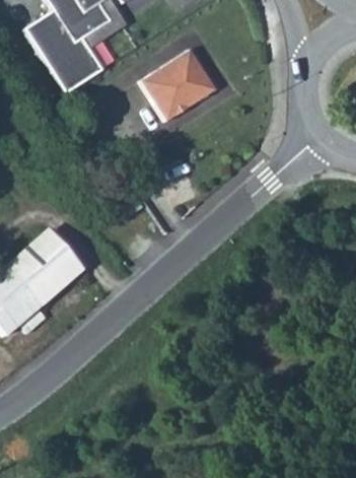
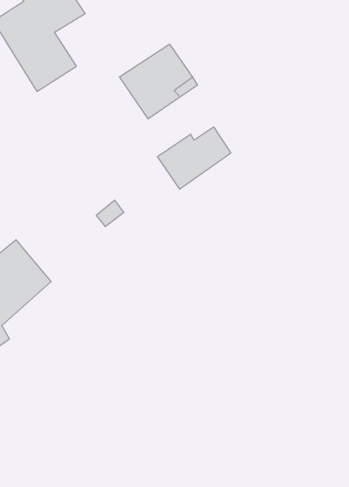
building: none -> [158,127,231,189]

